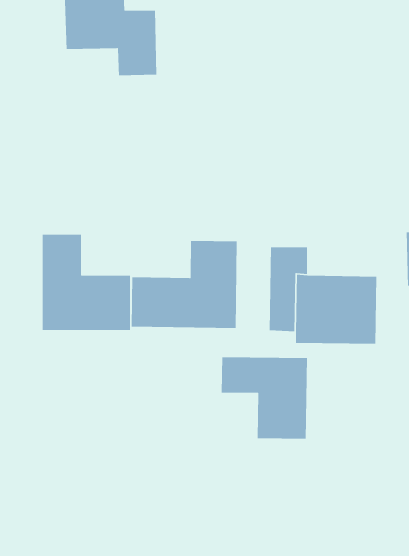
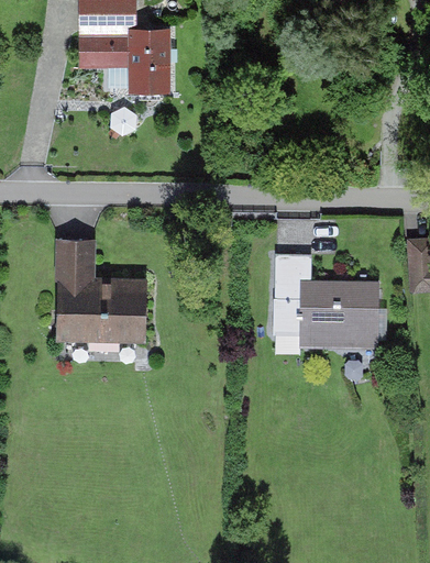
building: [131,240,238,329] -> none
building: [221,356,308,439] -> none

